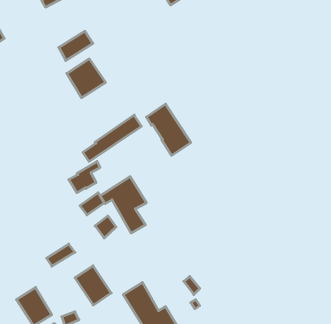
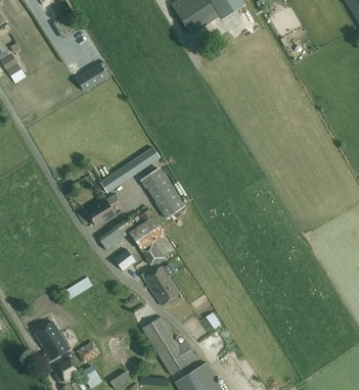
building: [67,59,105,98] -> none
building: [146,104,191,155] -> [140,166,185,218]
building: [75,266,111,305] -> [143,265,180,305]

